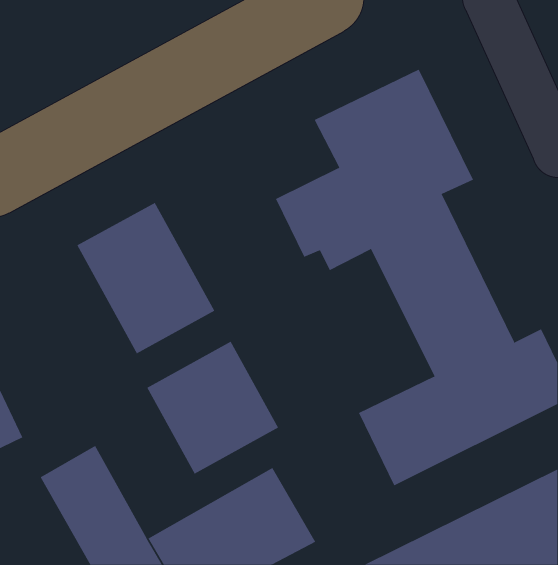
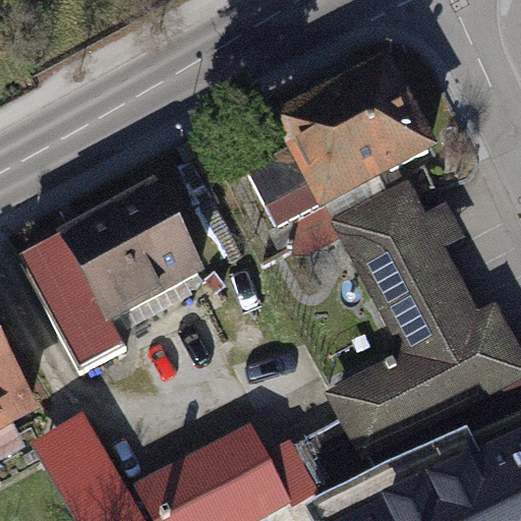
building: none -> [19,225,132,364]
building: [147,341,279,475] -> none

